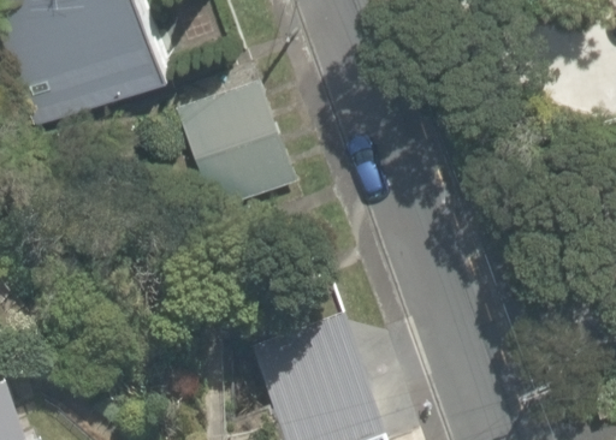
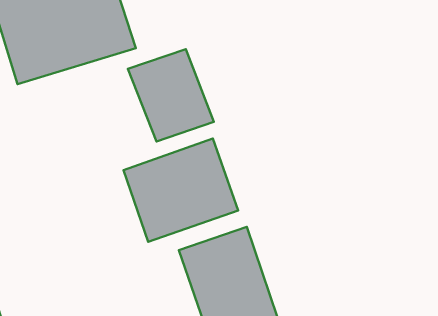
building: none -> [124,138,238,242]

